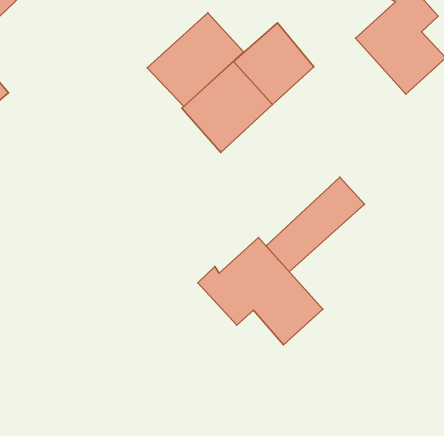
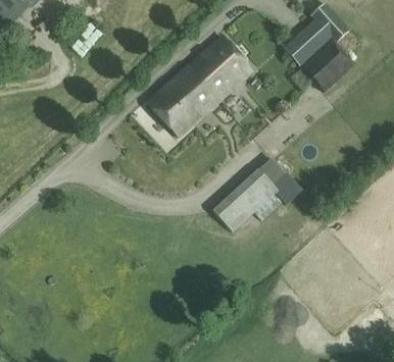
building: [147,13,243,107] -> none
building: [198,238,323,345] -> none

